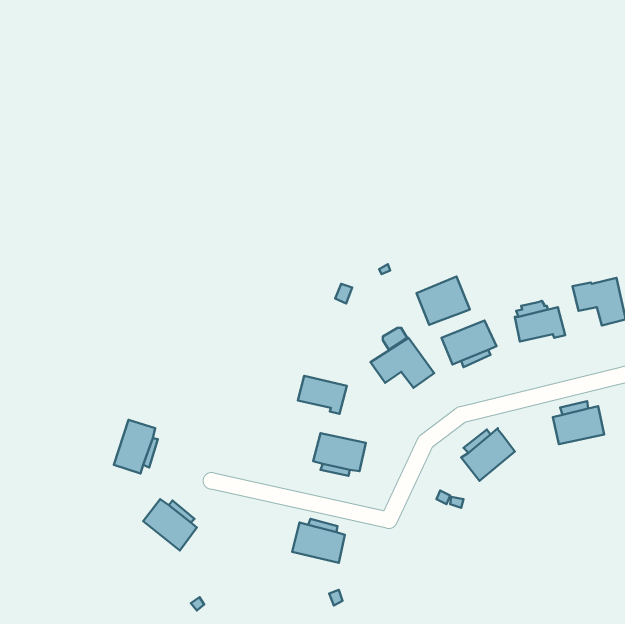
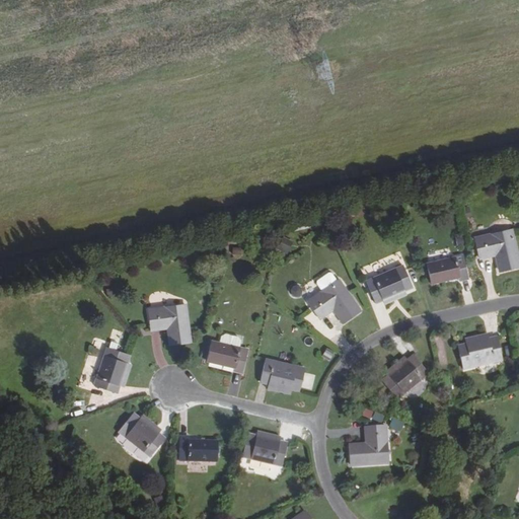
building: [416,277,470,325] -> none
building: none -> [149,304,190,344]
building: [298,376,347,414] -> [207,341,247,372]
building: none -> [350,426,387,465]
building: none -> [179,436,216,461]

